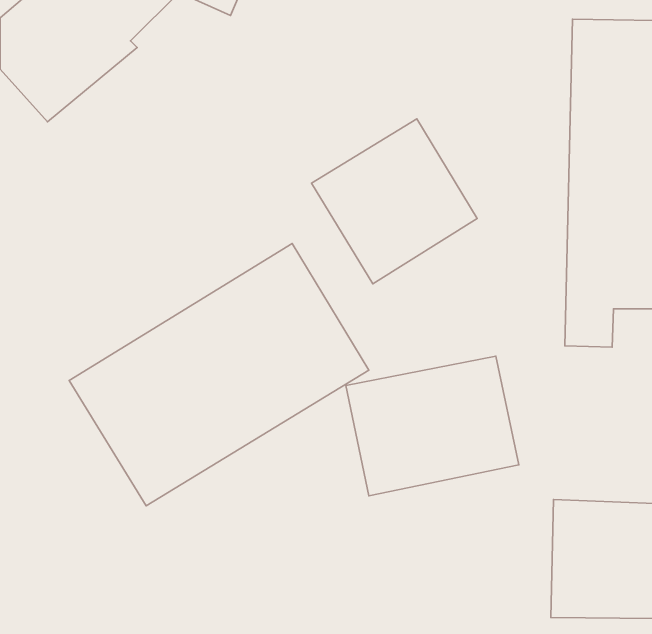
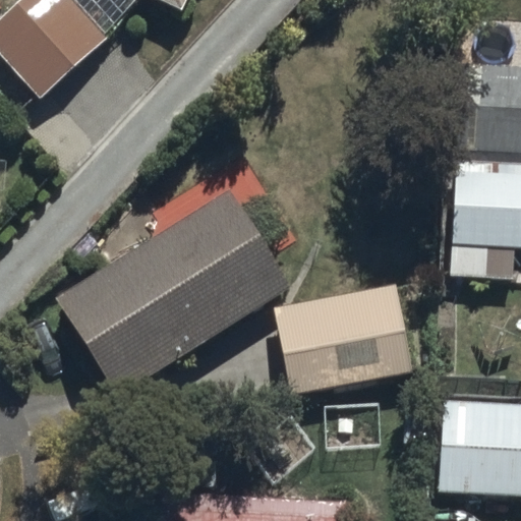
building: [312,119,477,284] -> none

